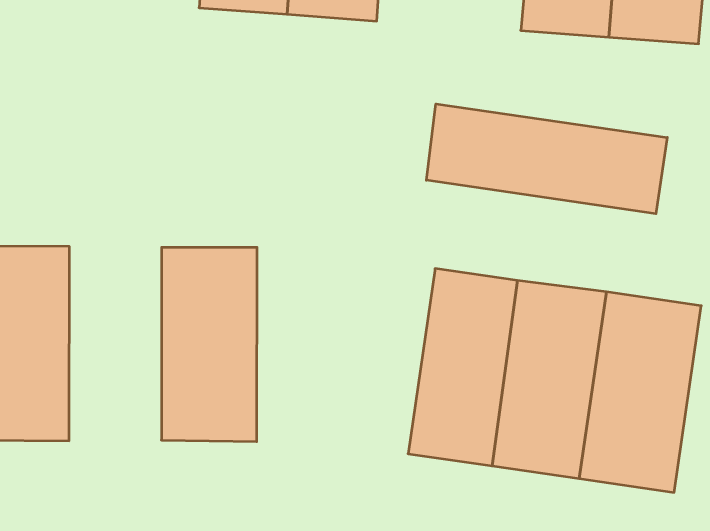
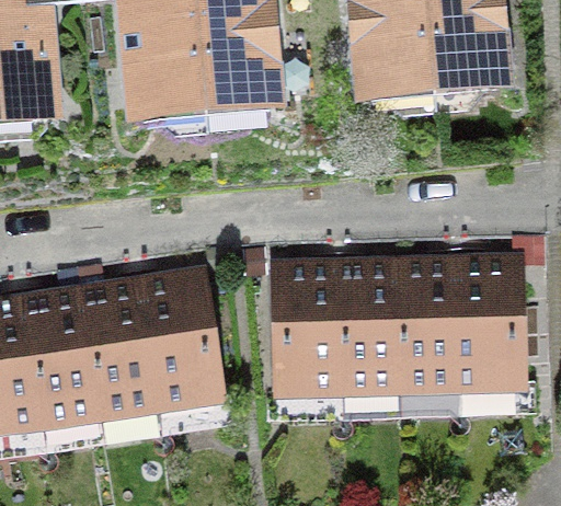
building: [426,104,667,214] -> none
building: none -> [77,277,163,423]
building: none -> [270,261,337,394]

